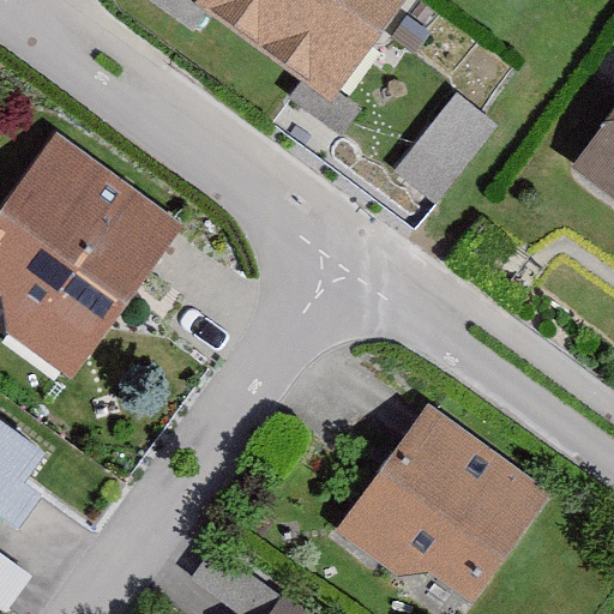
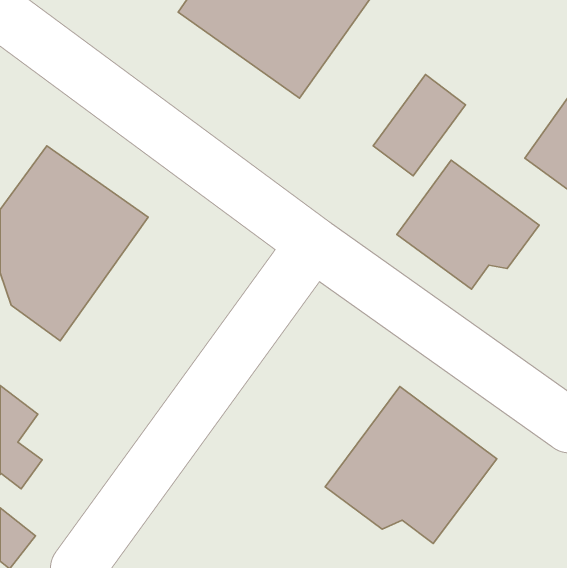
building: none -> [397,160,539,289]

